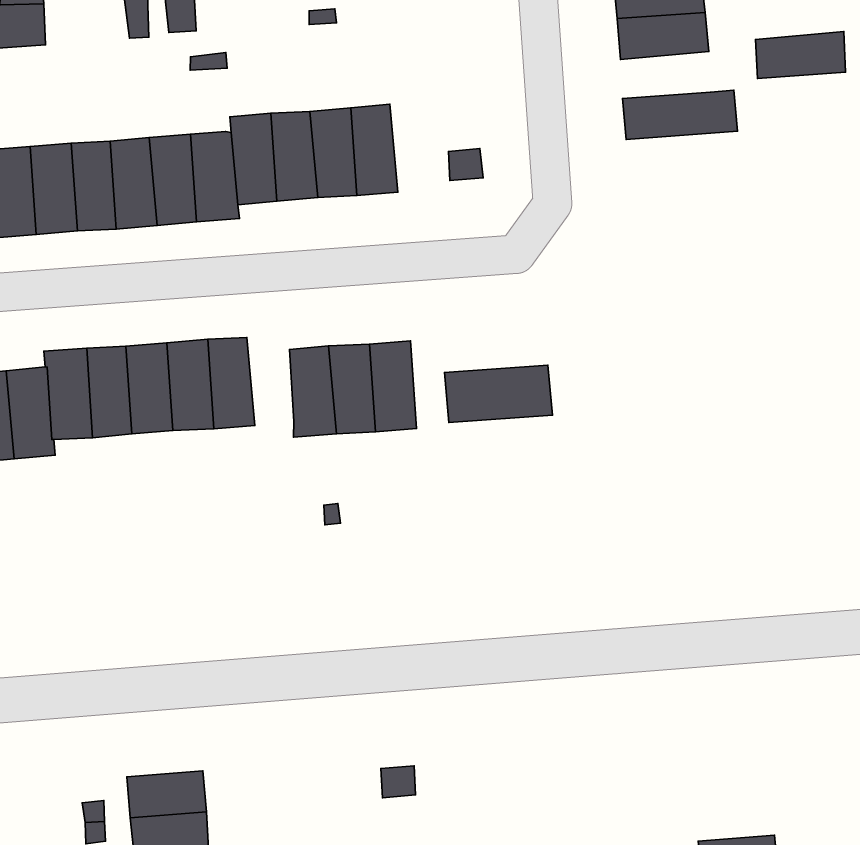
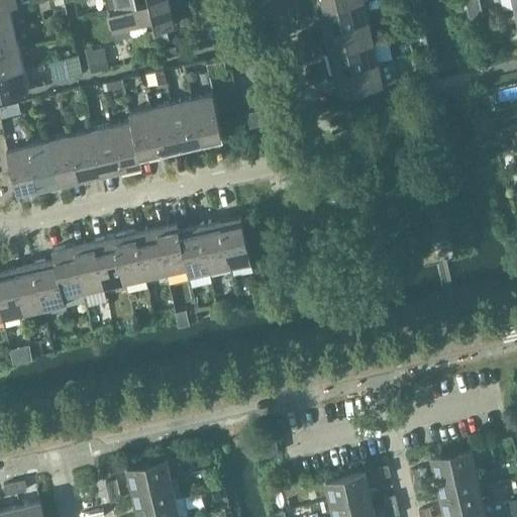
building: [756,31,845,78] -> [329,44,379,76]
building: none -> [156,225,187,276]
building: [444,365,552,422] -> none

